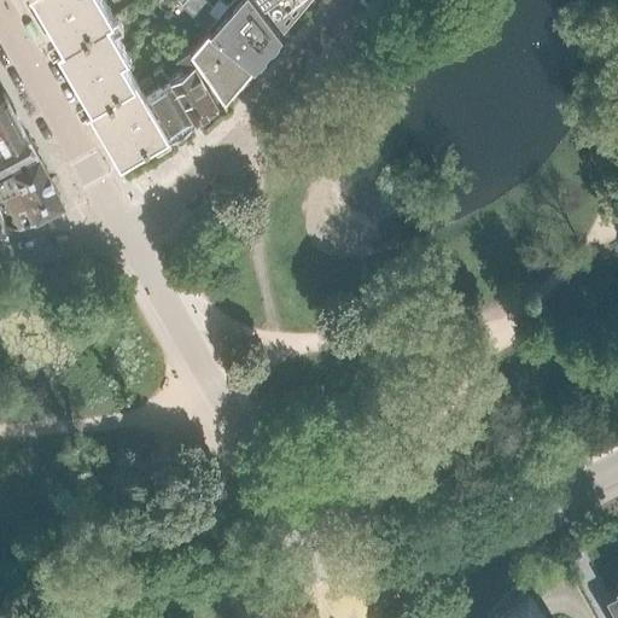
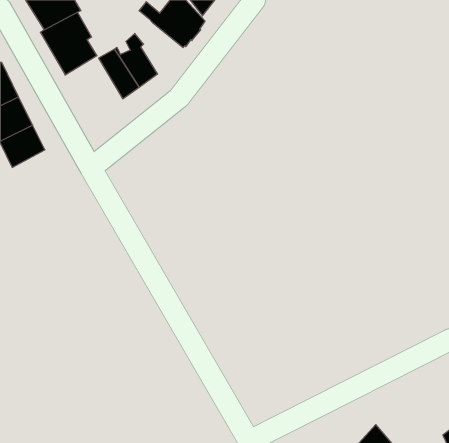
building: [186,35,252,107] -> none
building: [86,86,169,174] -> none

